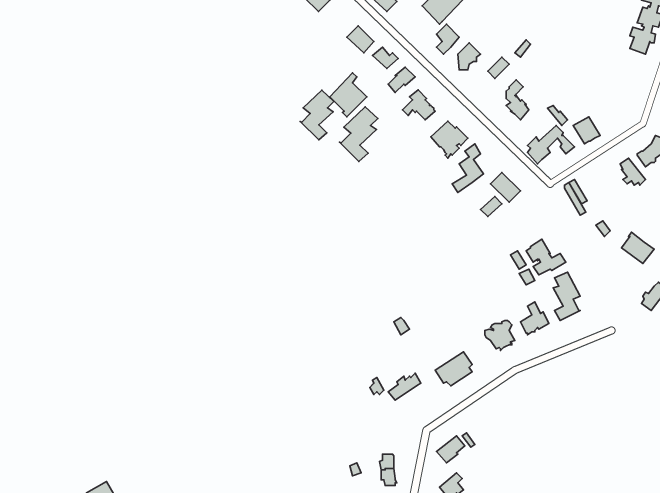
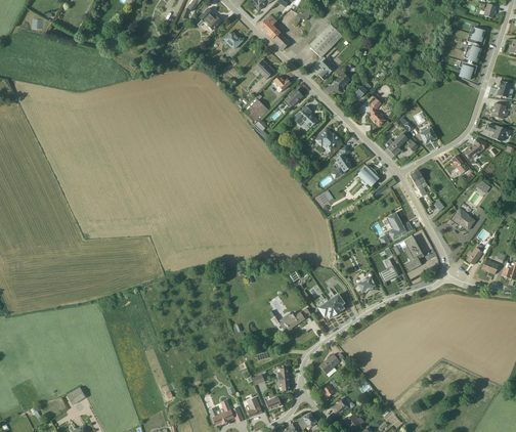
building: [300,90,334,140] -> none
building: [340,107,378,161] -> none

